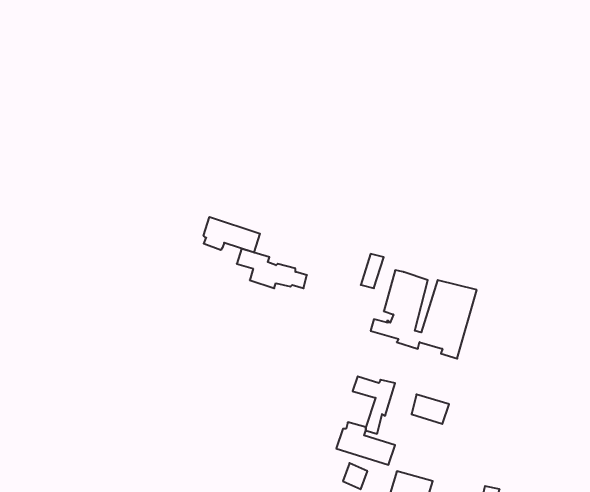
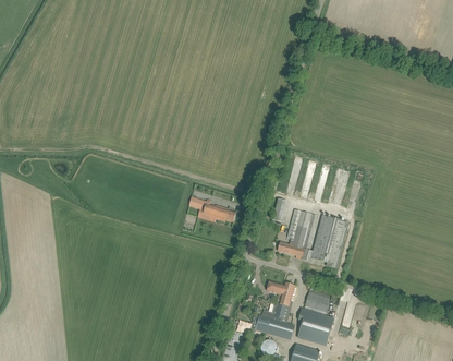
building: [204,217,260,253] -> none
building: none -> [297,310,333,344]

